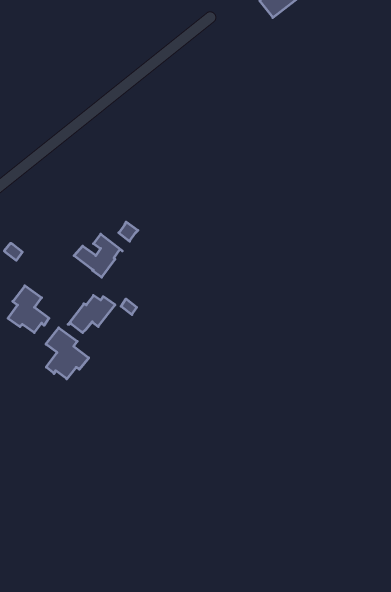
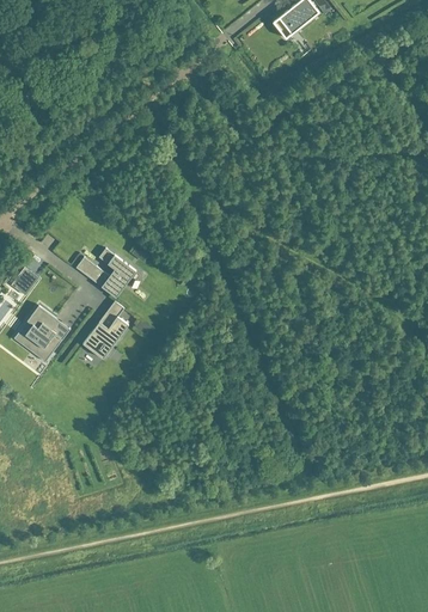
building: [46,328,89,379] -> none

